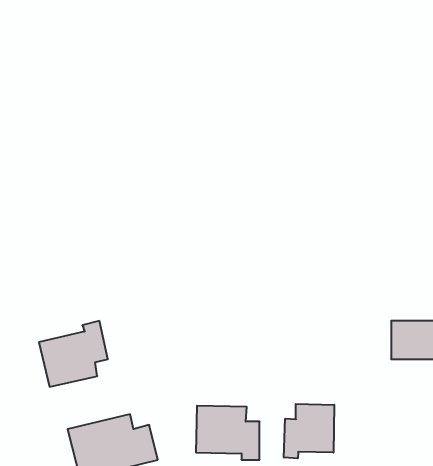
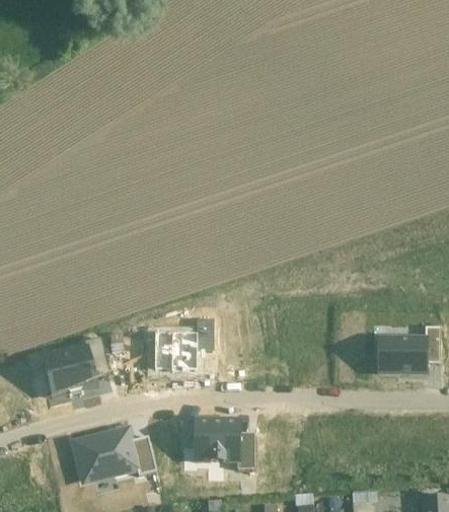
building: none -> [152,314,213,368]
building: [284,404,334,458] -> none

